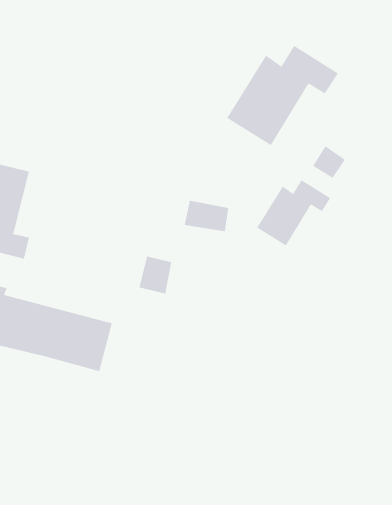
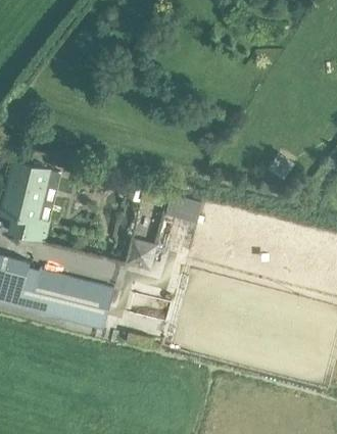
building: [226,45,339,146] -> none
building: [256,179,331,246] -> none

